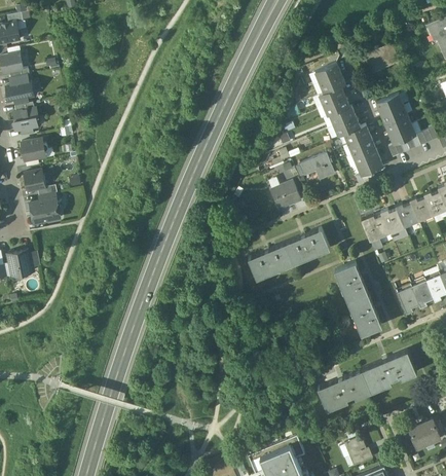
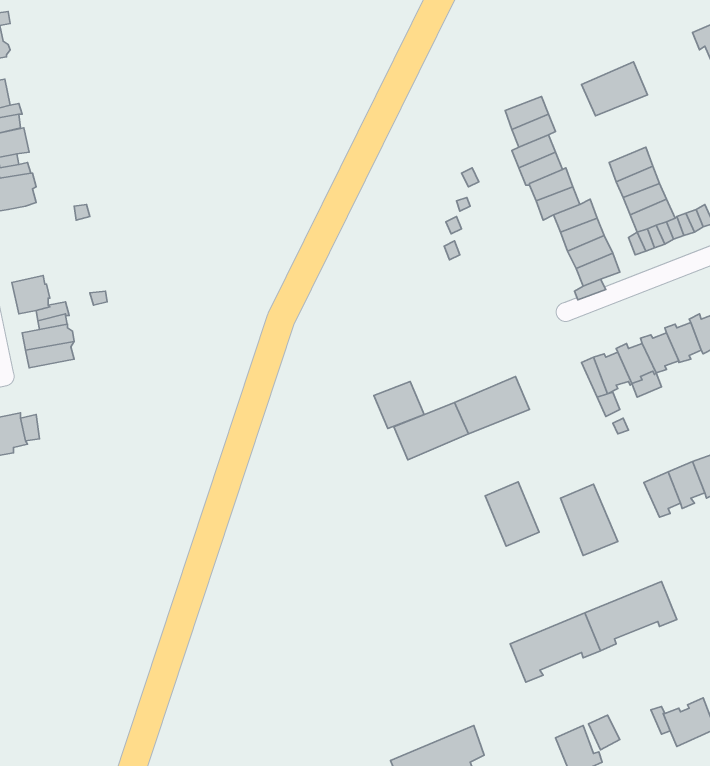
building: [21,139,46,161] -> none
building: [299,154,334,180] -> none
building: [270,181,300,209] -> [374,382,424,429]
building: [335,263,367,301] -> [485,482,539,546]

